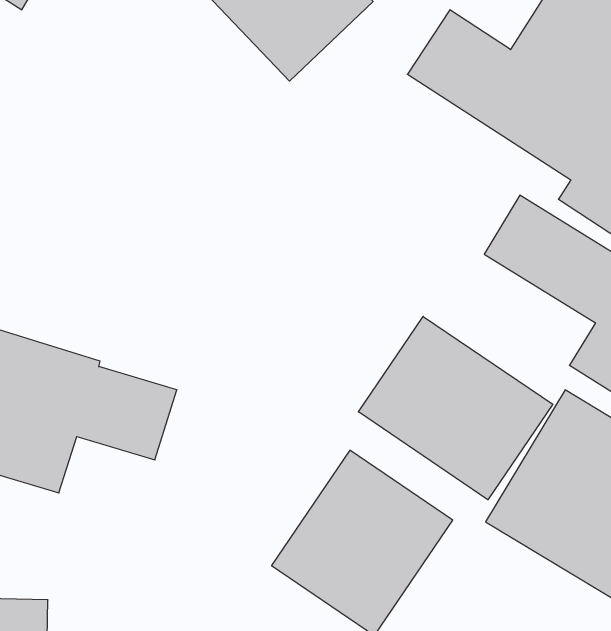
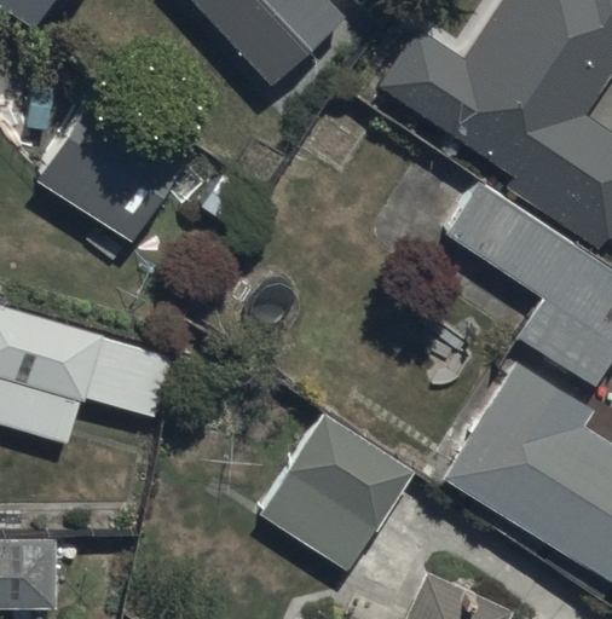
building: none -> [35,89,191,243]
building: [358,316,553,500] -> none

